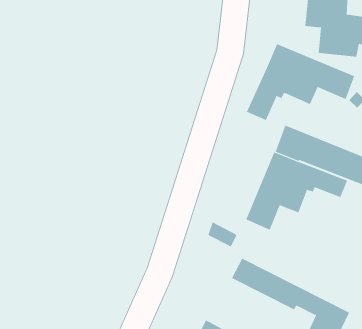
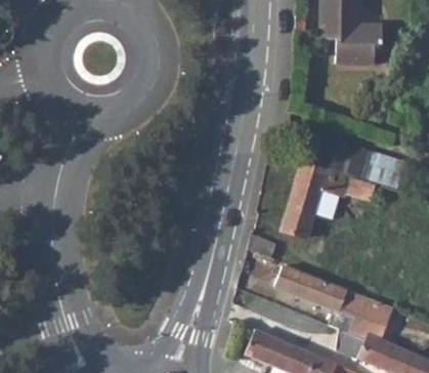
building: [246,43,355,121] -> none

